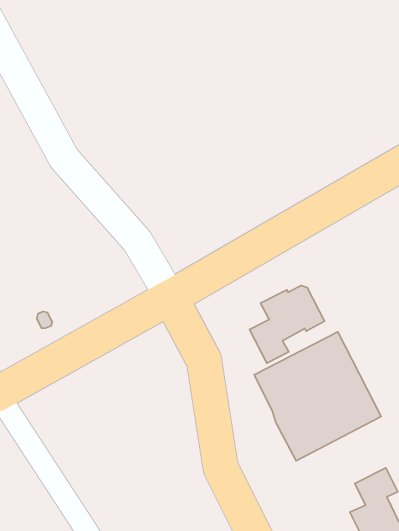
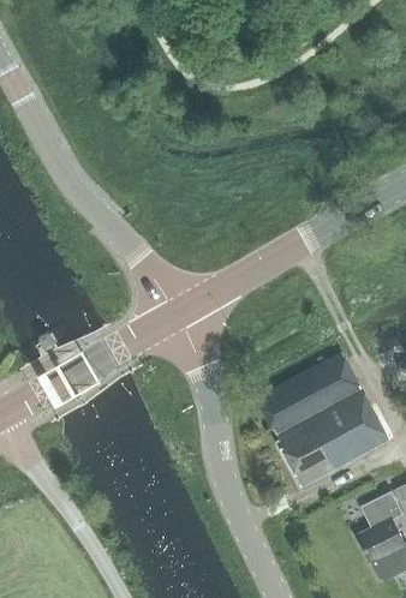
building: [250,285,324,363] -> none

